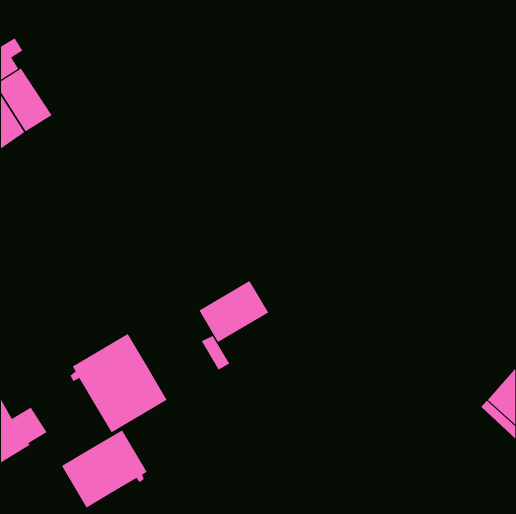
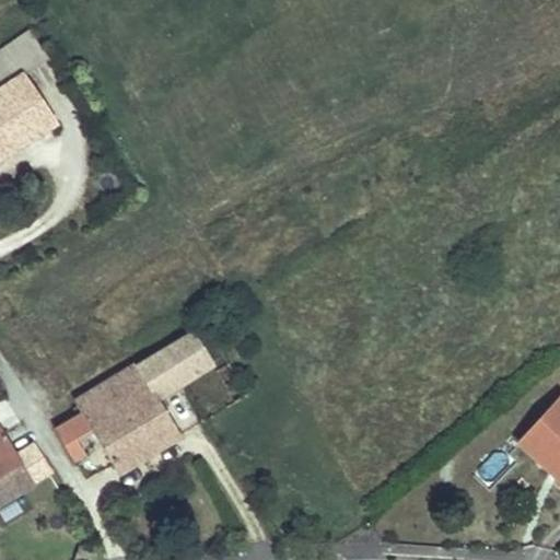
building: [198,280,269,343] -> [139,330,215,398]
building: none -> [56,412,103,459]
building: [61,429,147,508] -> none

